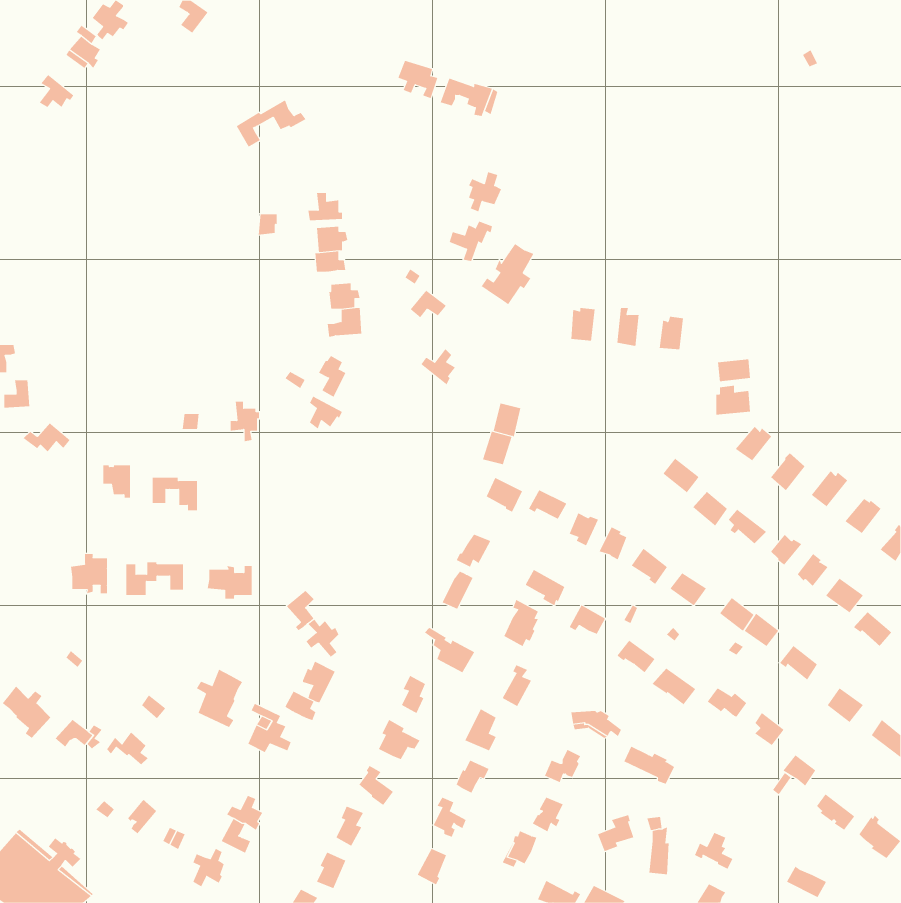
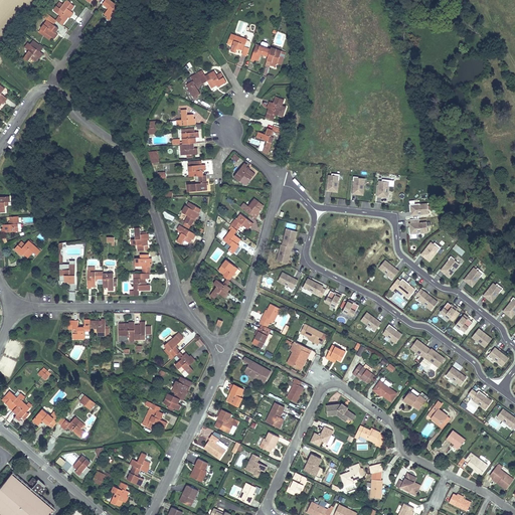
building: [236,100,307,147] -> [185,70,225,98]
building: [481,243,534,305] -> none
building: none -> [222,213,251,253]
building: none -> [133,259,150,296]
building: none -> [209,260,237,299]
building: [70,553,107,594] -> none
building: [196,669,243,728] -> none

